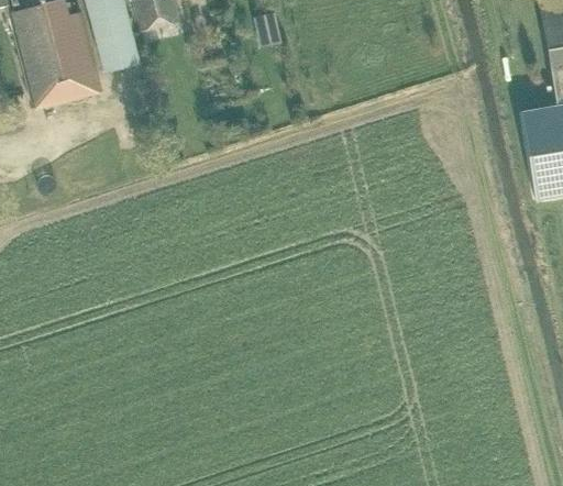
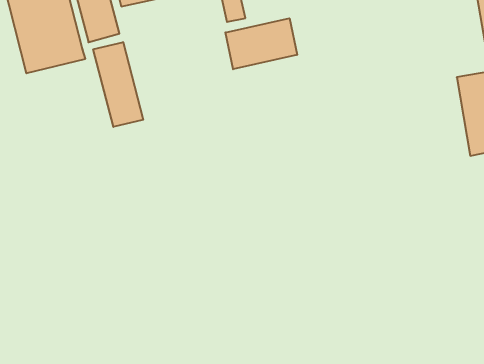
building: none -> [225,18,297,69]
building: none -> [93,42,143,127]

